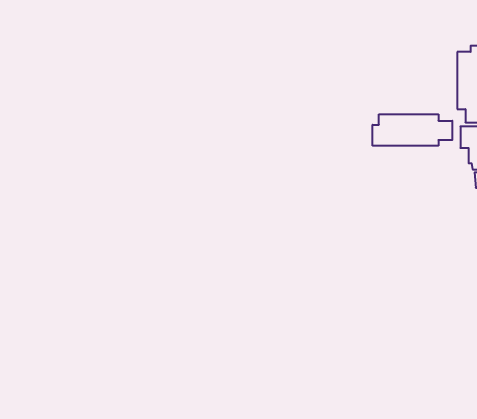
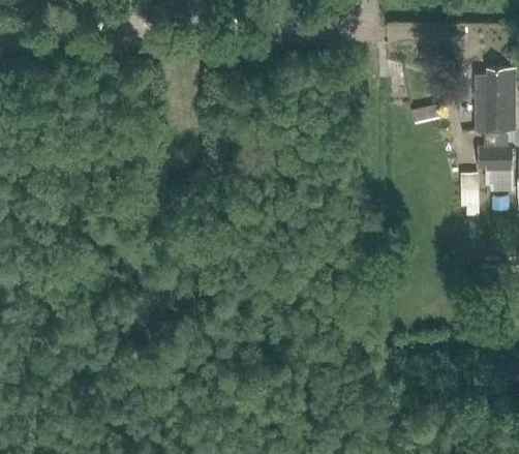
building: [373,114,452,146] -> none

